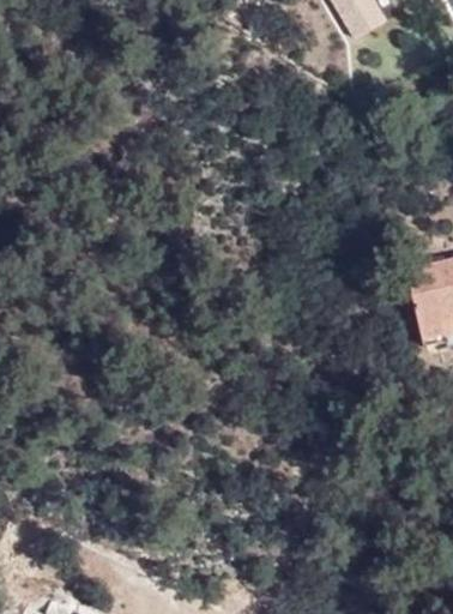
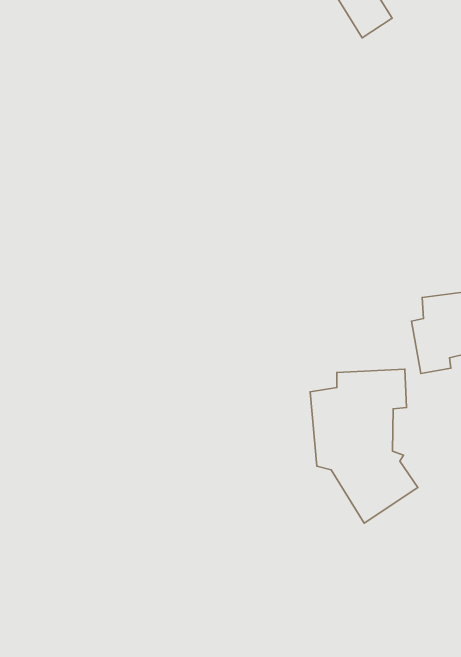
building: none -> [310,369,418,523]

